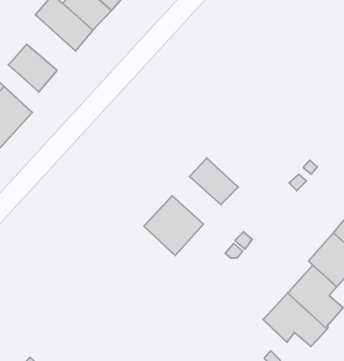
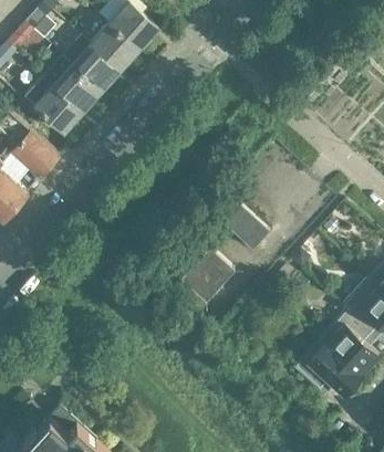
building: none -> [41,56,102,114]

